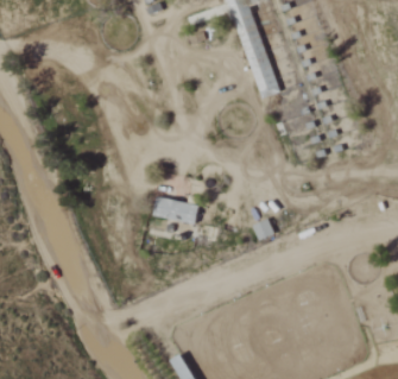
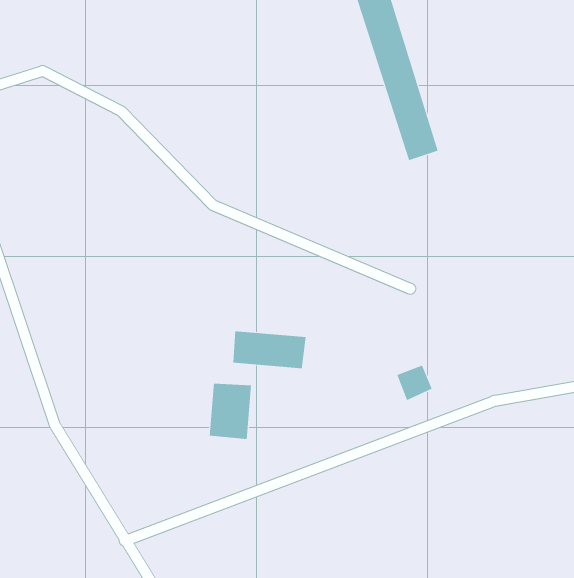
building: none -> [209,383,252,440]

